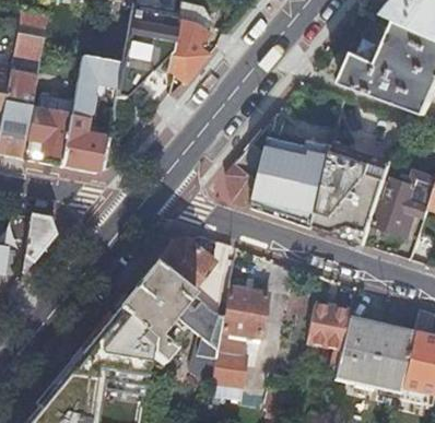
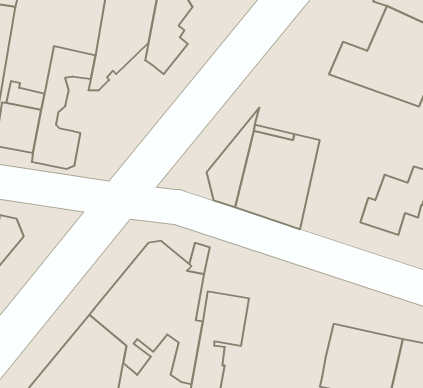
building: [315,141,392,245] -> none
building: [306,302,349,367] -> none

